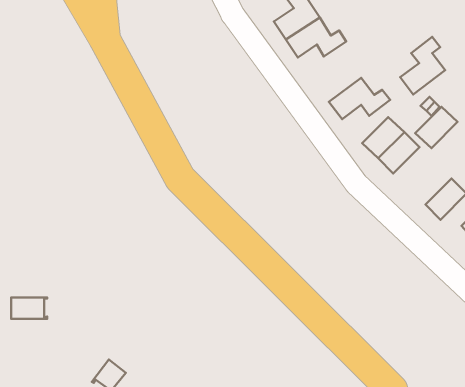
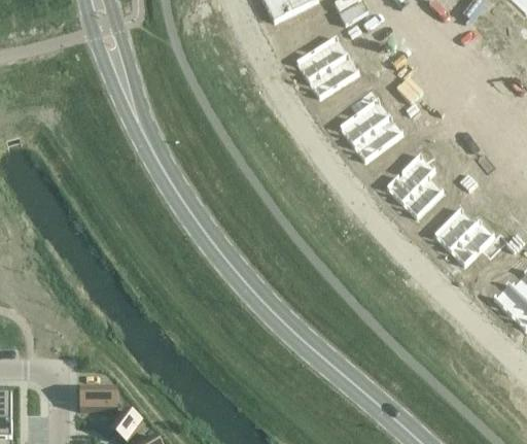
building: [400,37,445,94] -> [339,84,385,143]
building: [415,107,457,148] -> [434,206,478,248]
building: [11,298,47,319] -> [80,387,117,409]

